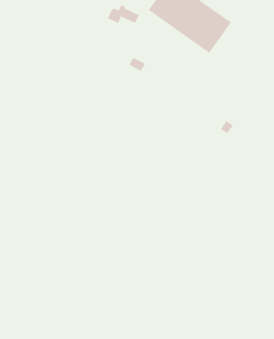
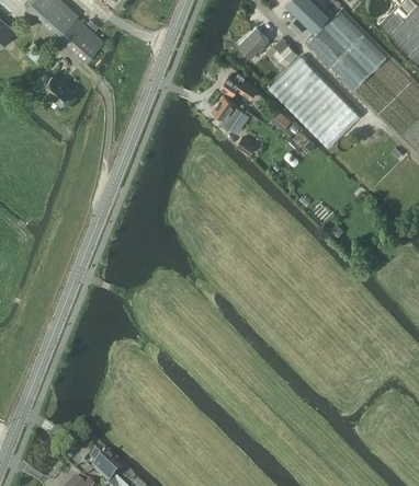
building: none -> [213,96,244,130]

